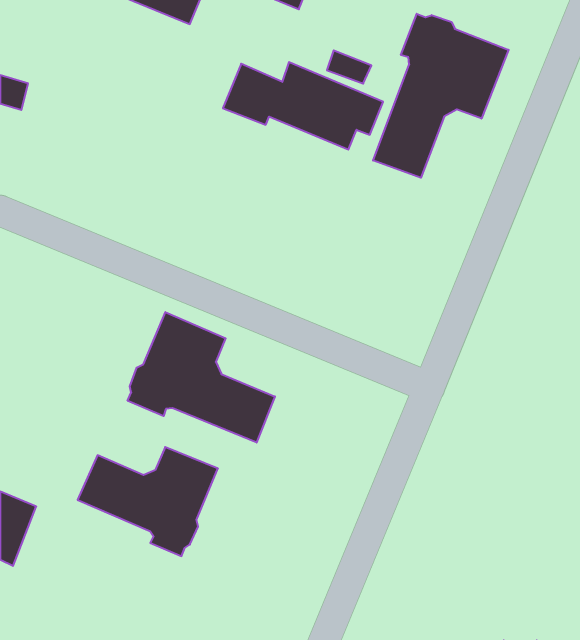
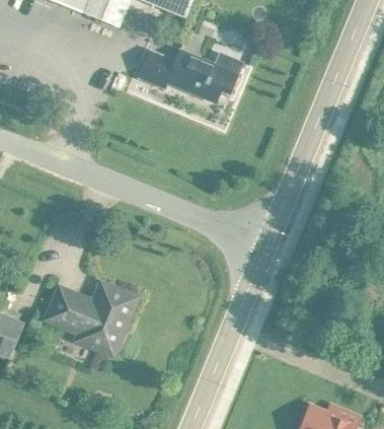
building: [373,14,509,178] -> none
building: [128,312,275,443] -> none

